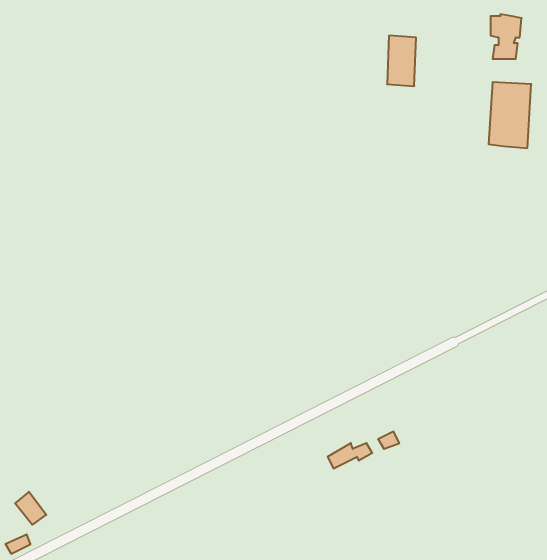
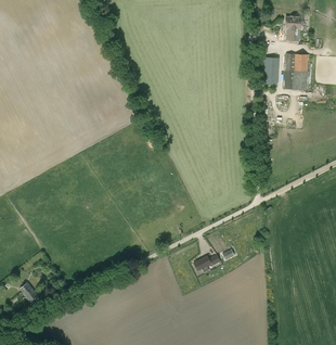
building: [387,36,416,86] -> [262,56,279,85]

